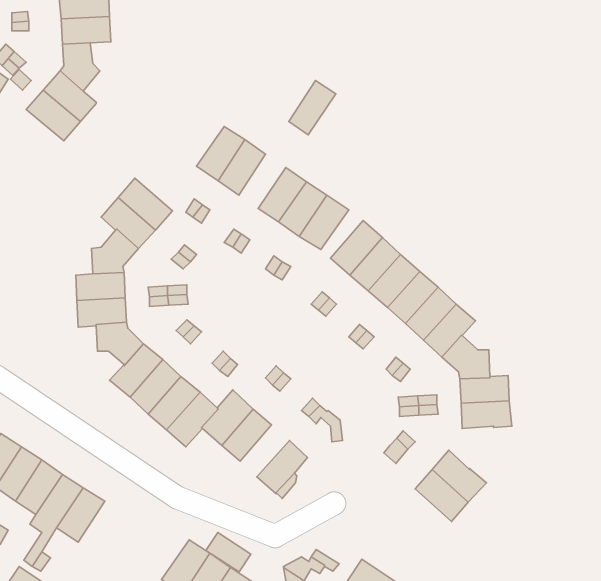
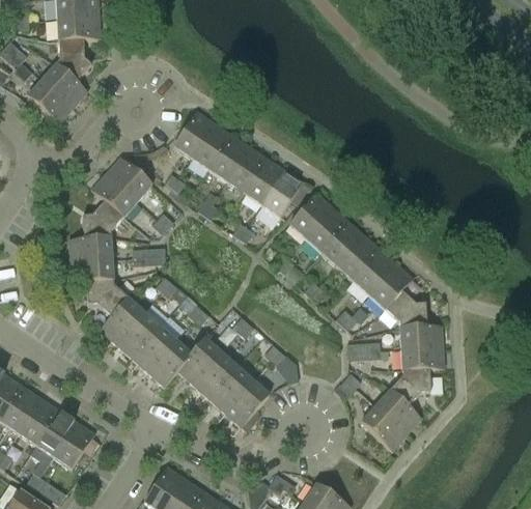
building: [289,81,336,135] -> [209,135,250,181]
building: none -> [211,367,253,412]
building: none -> [390,368,429,405]
building: [206,533,251,572] -> none

